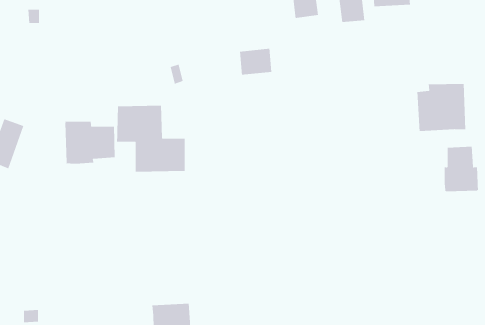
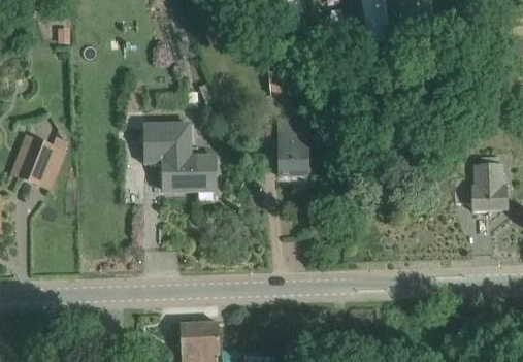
building: [417,83,466,132] -> none
building: none -> [279,119,307,175]
building: [64,121,115,164] -> none

